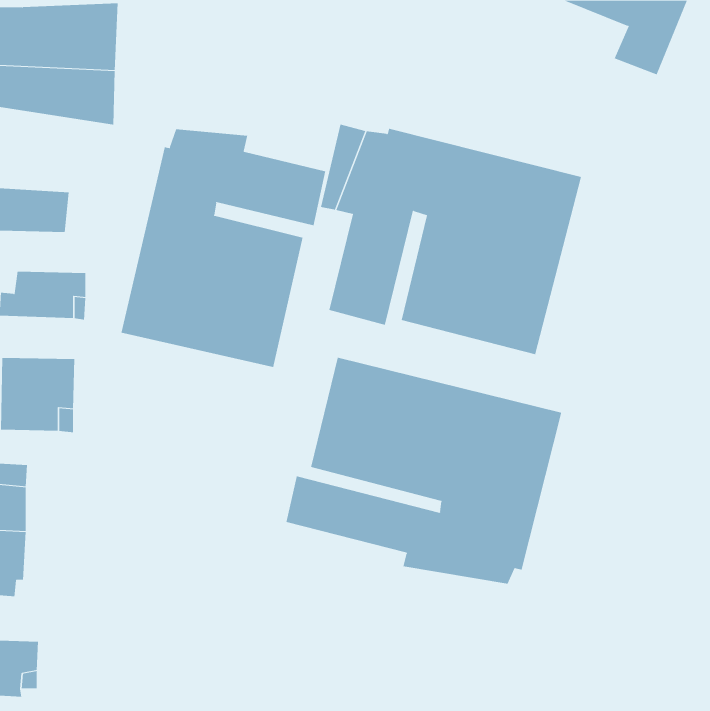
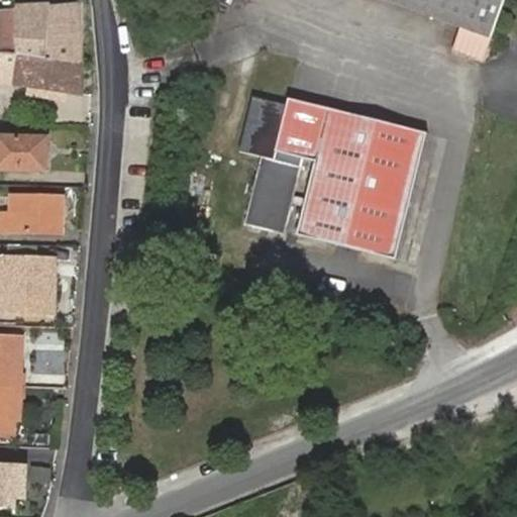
building: [121,128,326,368] -> none
building: [286,357,562,585] -> none

